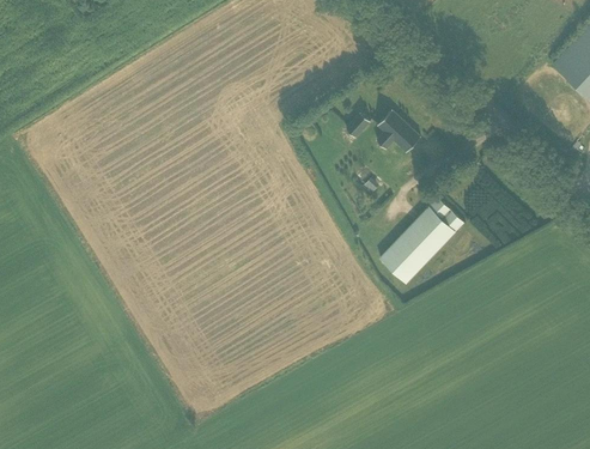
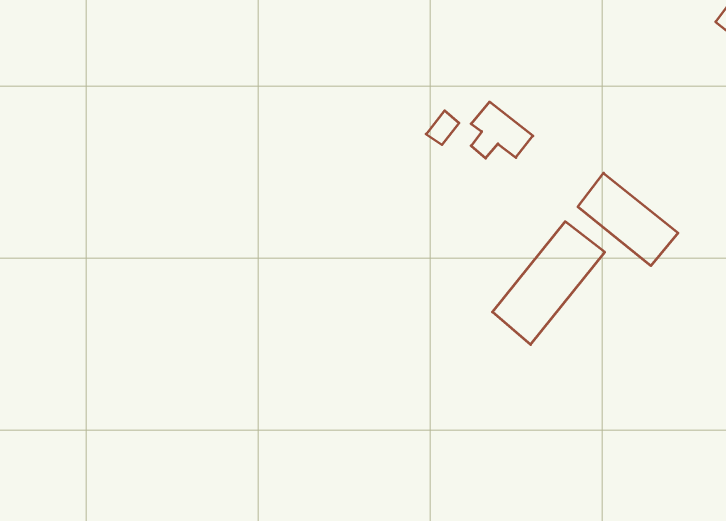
building: none -> [578,173,678,266]

